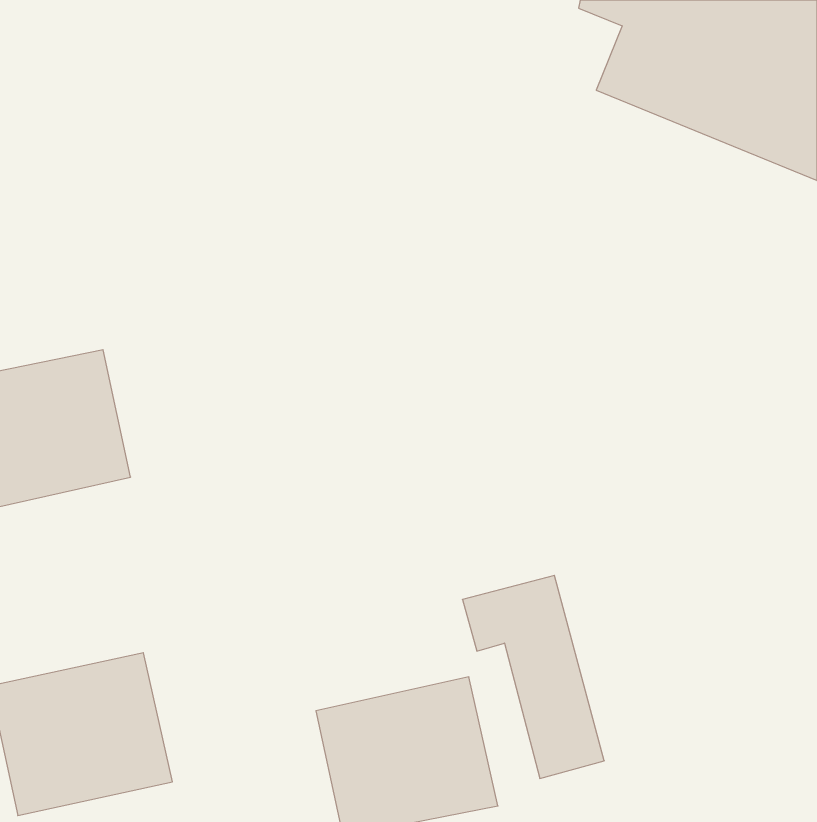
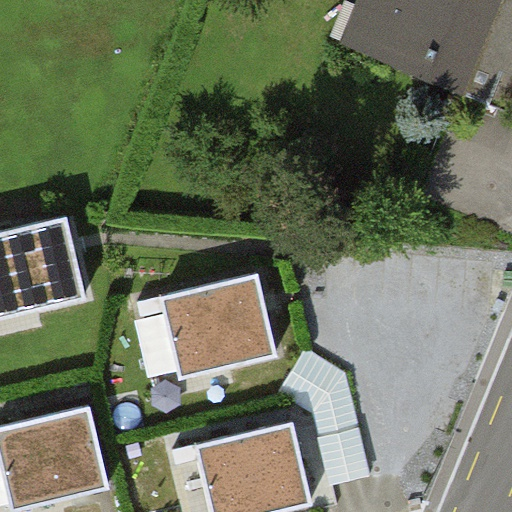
building: none -> [158,274,271,375]

